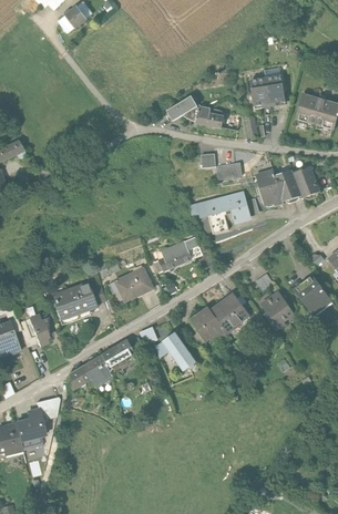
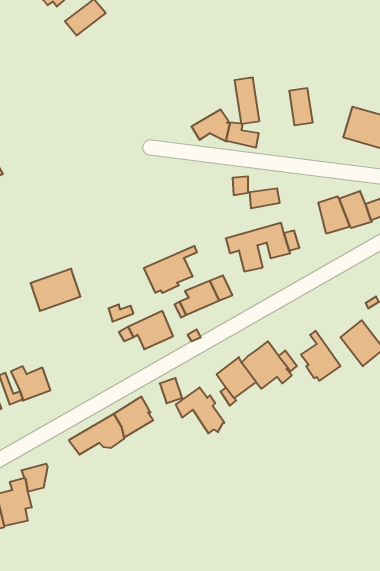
building: [266,69,287,107] -> [234,78,259,124]
building: [257,169,285,205] -> none
building: none -> [144,246,197,293]
building: [57,281,99,317] -> [30,269,81,311]

